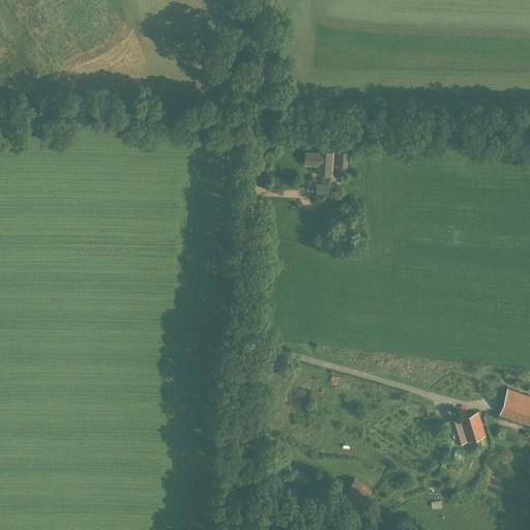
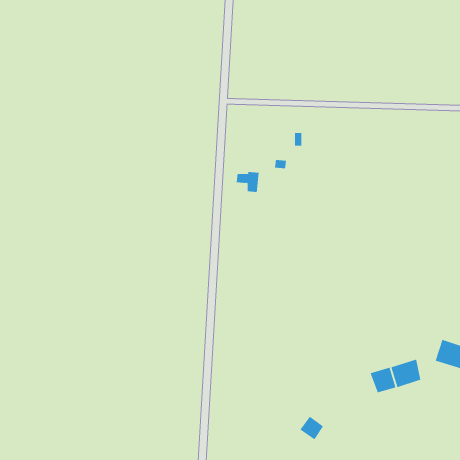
building: [306,152,333,176] -> [236,172,259,192]
building: none -> [370,367,396,393]

